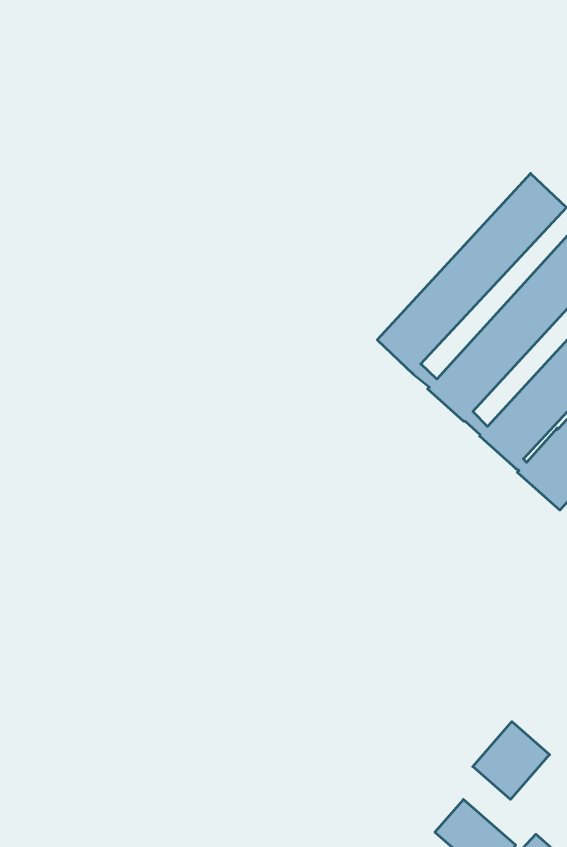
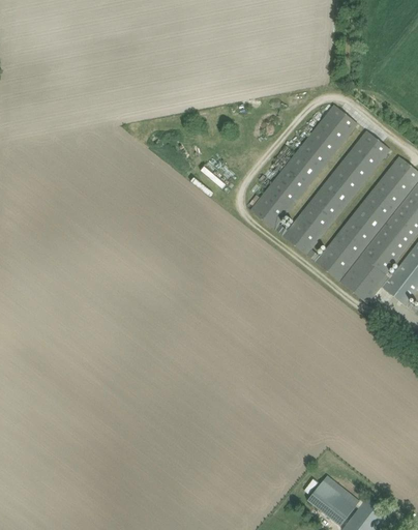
building: [473,722,550,799] -> none

